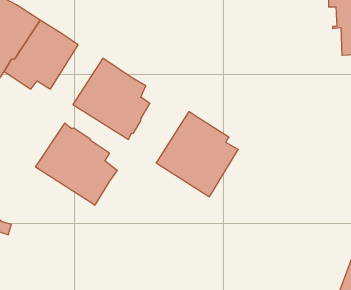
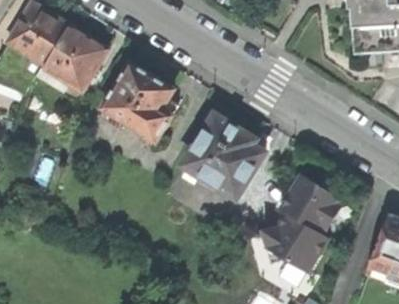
building: [36,123,117,205] -> none
building: none -> [249,173,340,271]

